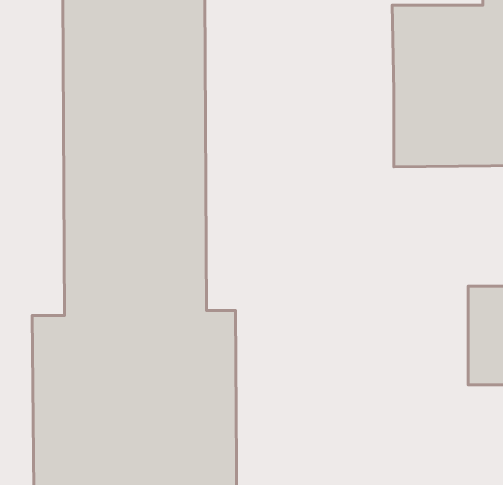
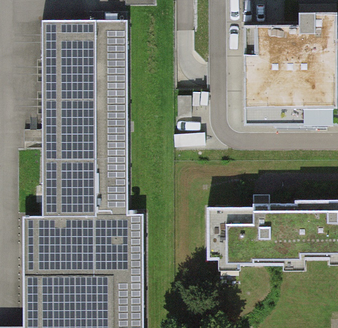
building: none -> [203,204,306,276]

